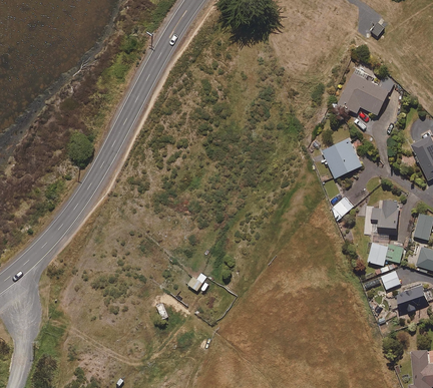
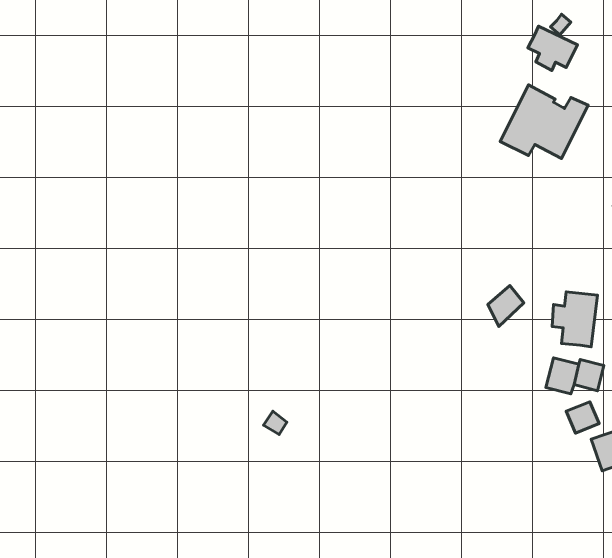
building: none -> [528,26,577,70]
building: [322,138,361,178] -> none

